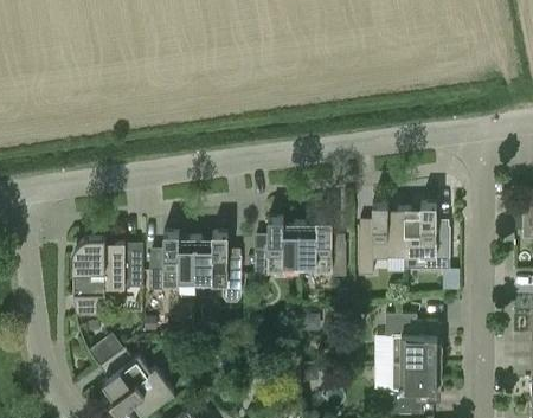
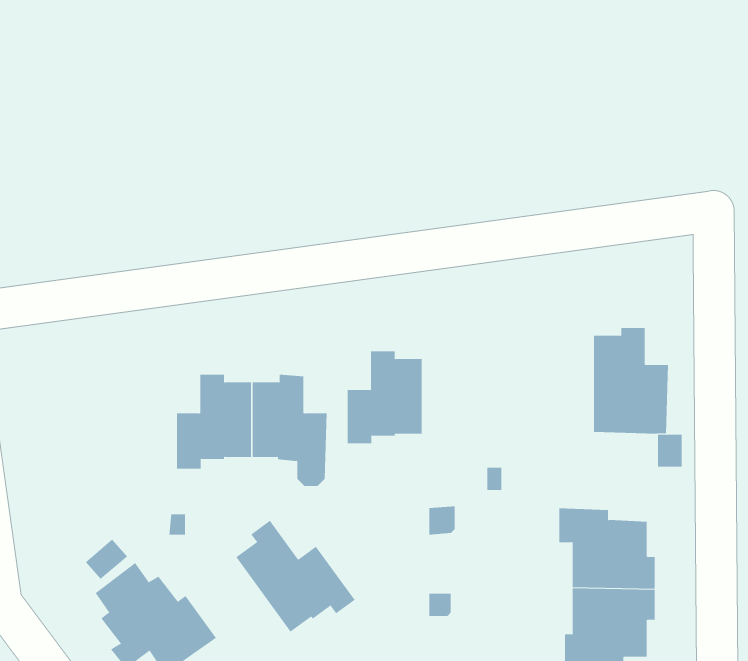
building: [358,205,404,276] -> none
building: [300,219,346,277] -> none
building: [73,236,142,317] -> none
building: none -> [235,520,355,633]

